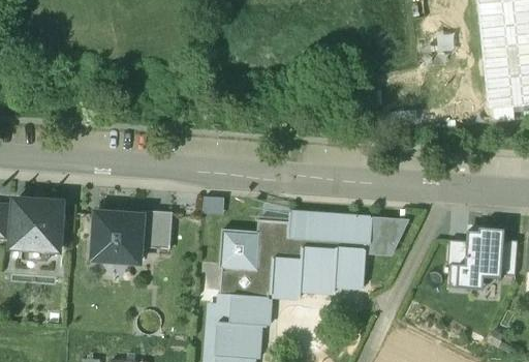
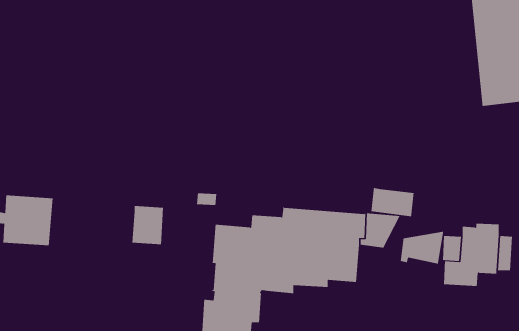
building: none -> [371,187,414,217]
building: [94,210,143,260] -> none
building: none -> [400,231,444,264]

